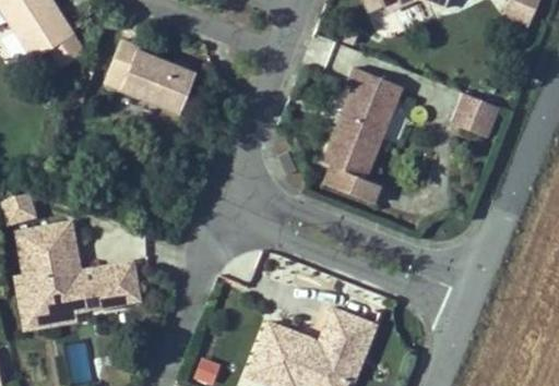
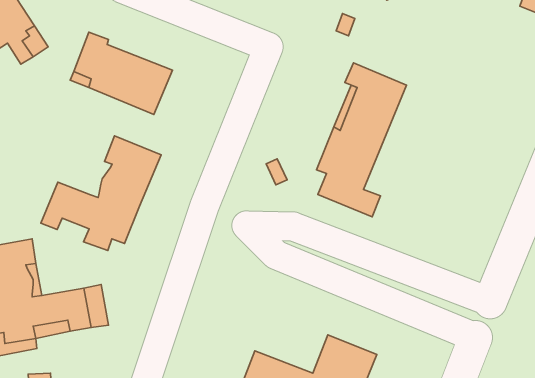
building: [453,93,499,136] -> none
building: none -> [41,136,161,251]

